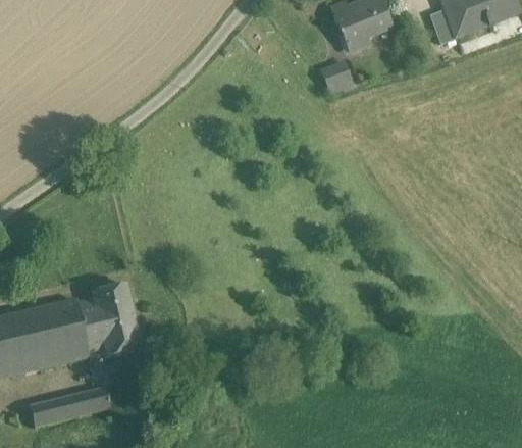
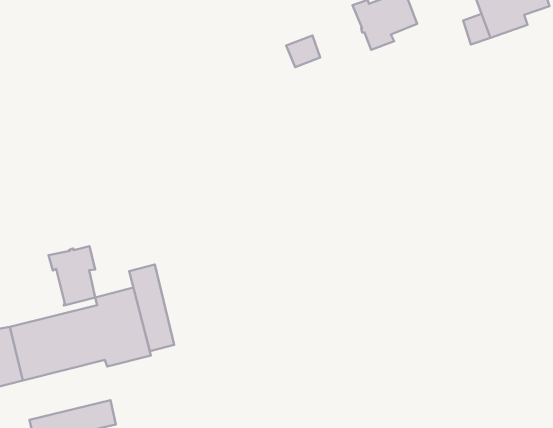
building: [321,66,353,96] -> [286,35,320,67]
building: none -> [49,246,95,305]
building: none -> [129,265,174,351]

